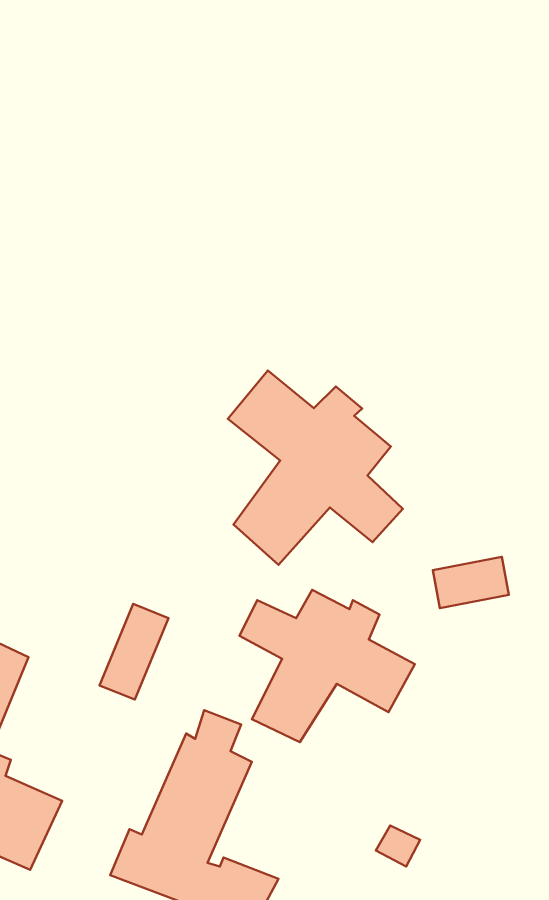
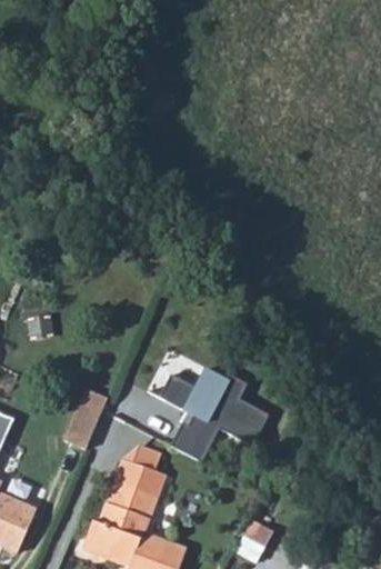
building: [228,371,403,565] -> none
building: [433,557,509,608] -> none

